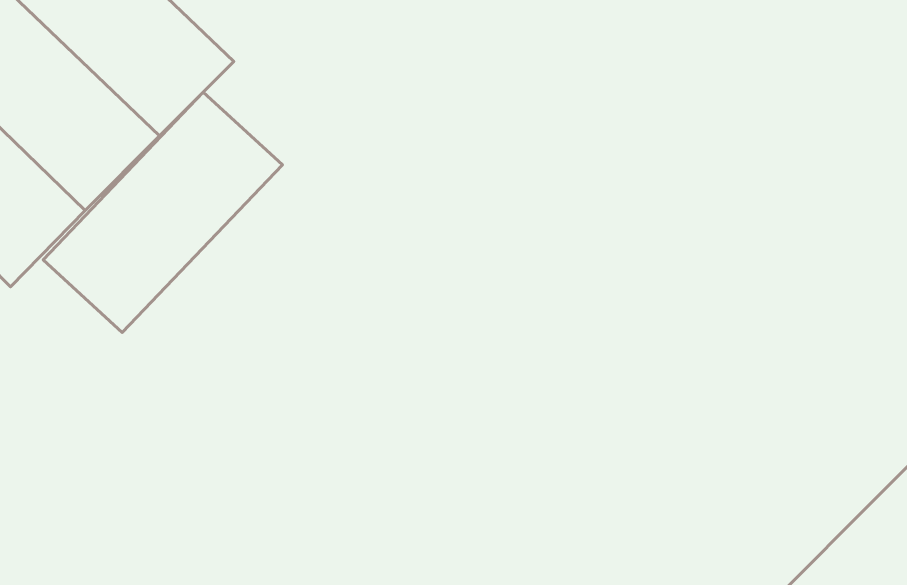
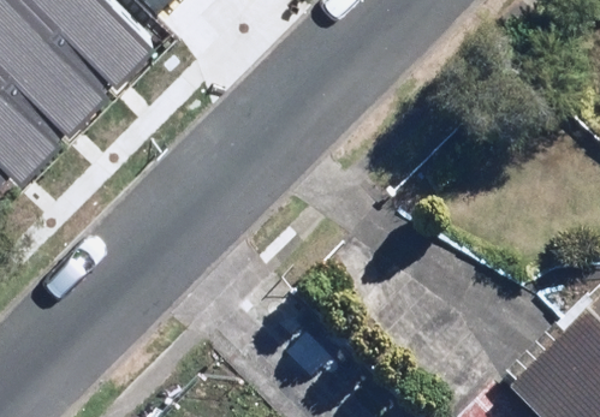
building: [43,92,283,333] -> none

